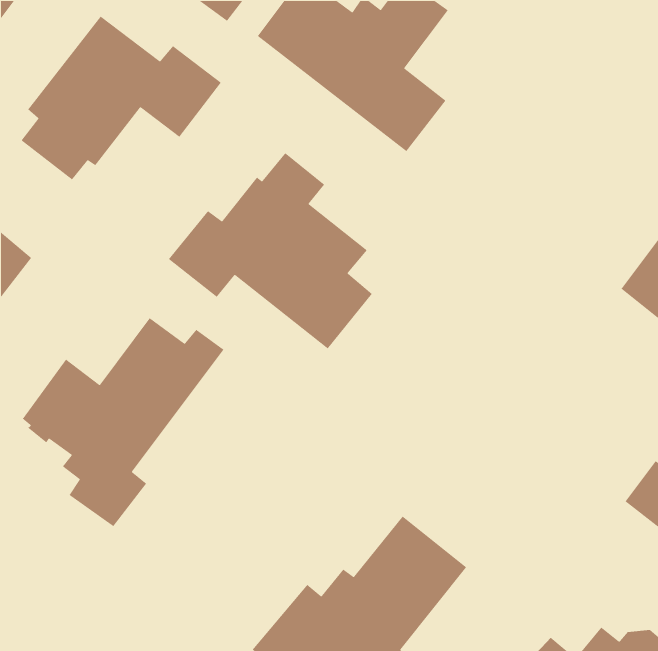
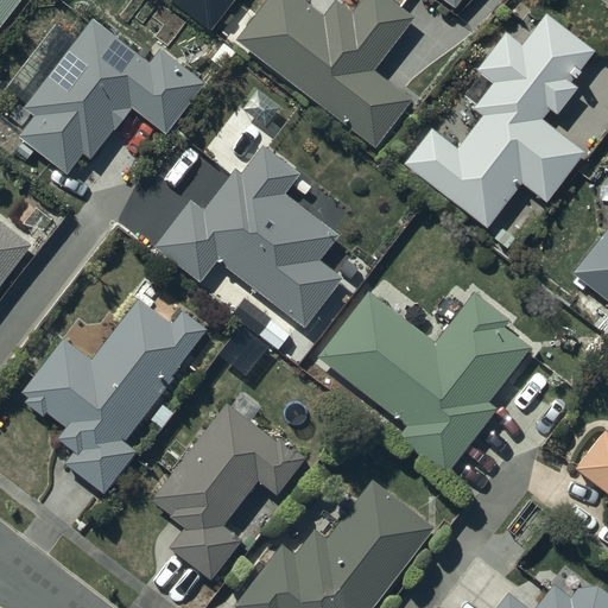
building: none -> [403,14,594,227]
building: none -> [318,292,530,475]
building: none -> [152,403,302,578]

